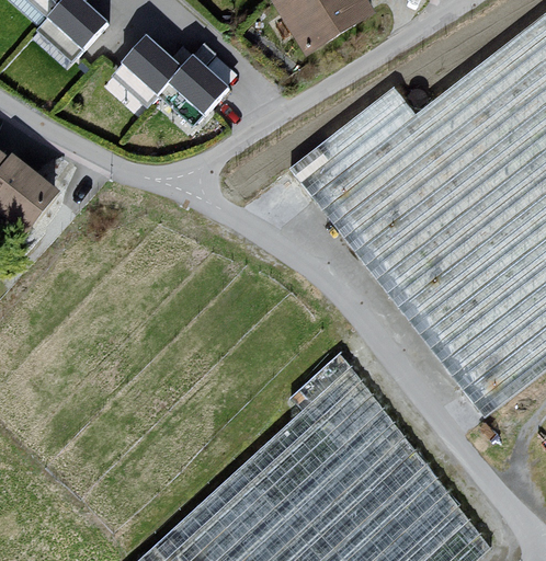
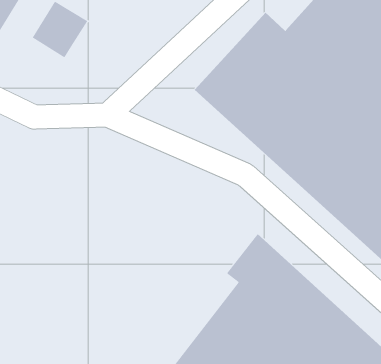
building: [157,50,228,122] -> none

